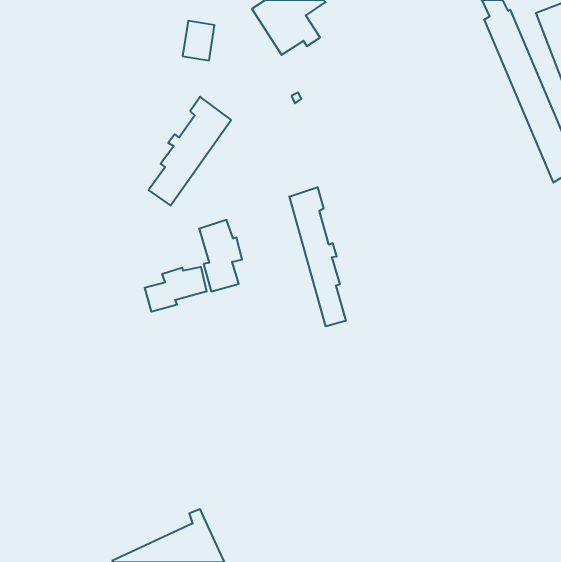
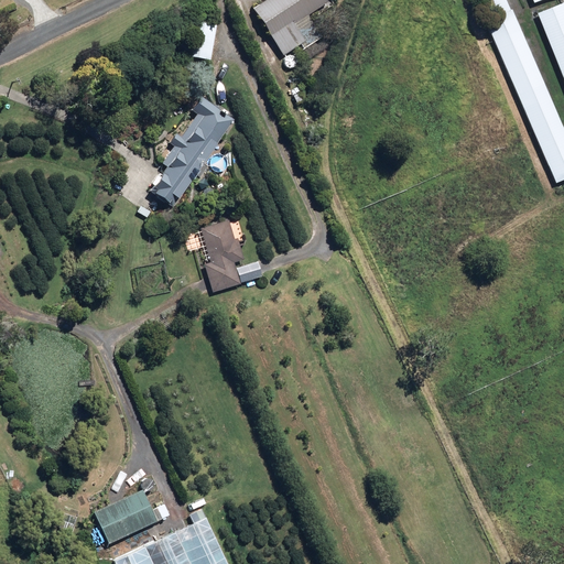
building: [289,187,346,326] -> none
building: [145,267,207,312] -> none
building: none -> [95,490,169,544]

